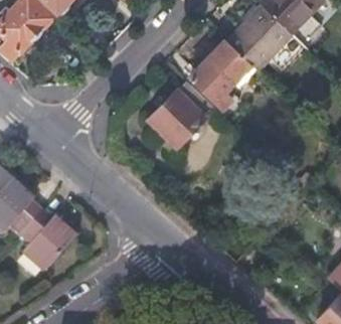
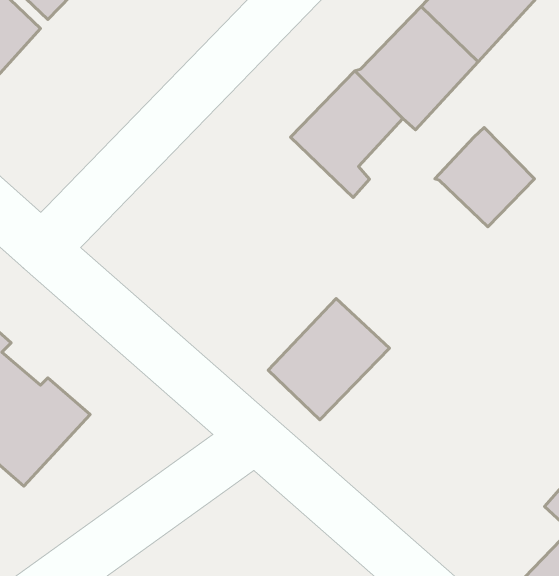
building: none -> [435,128,534,227]
building: [147,84,213,150] -> [268,299,390,420]

